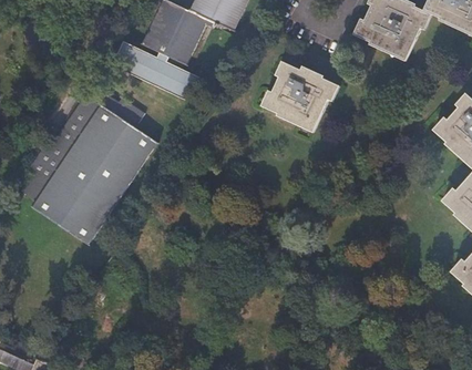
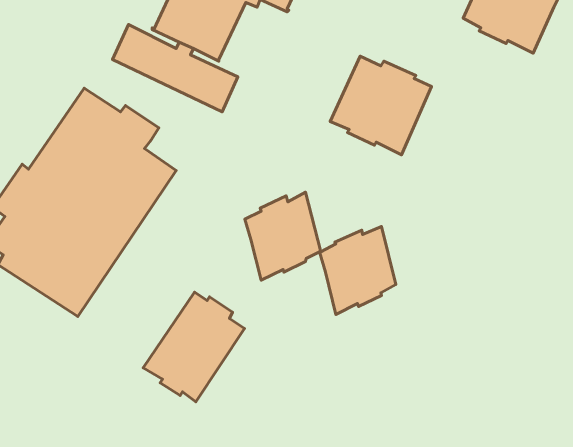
building: none -> [245,192,396,314]
building: none -> [143,292,244,402]

